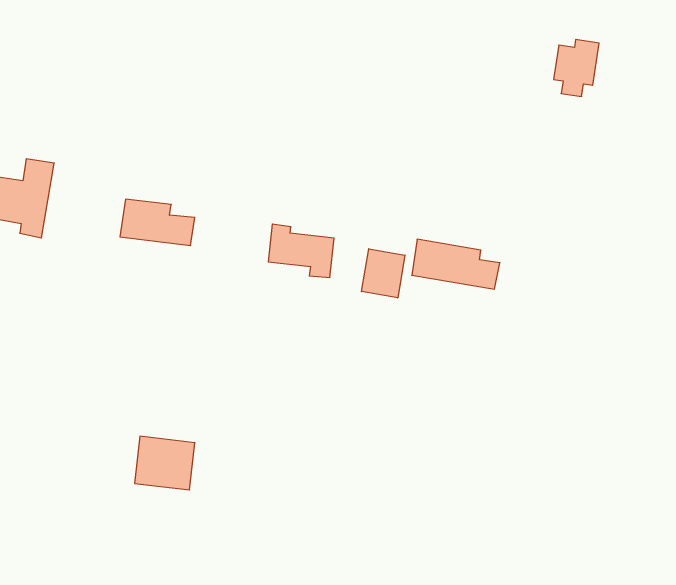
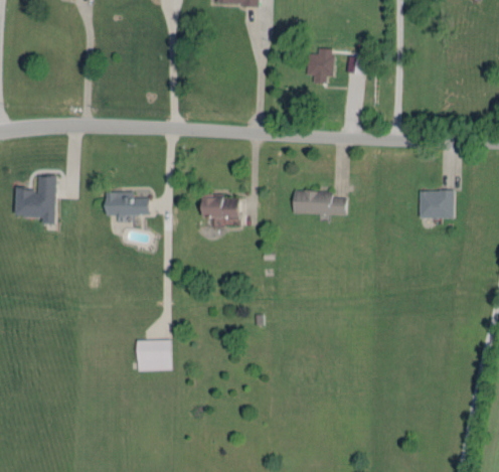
building: [554,40,599,96] -> [308,48,333,84]
building: [361,249,405,298] -> none
building: none -> [419,190,454,218]

